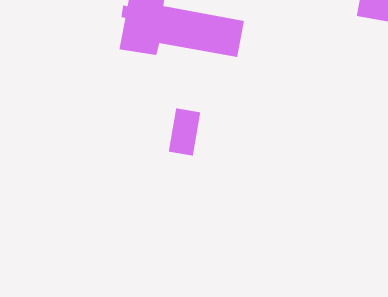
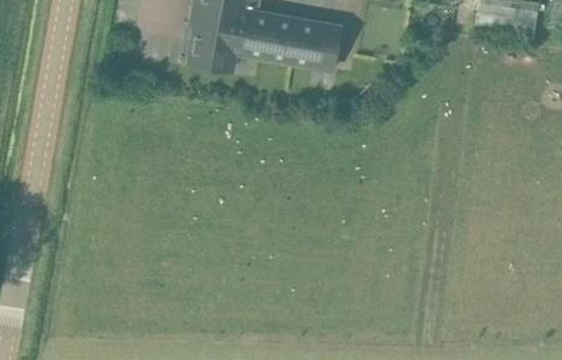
building: [168,108,201,157] -> none

